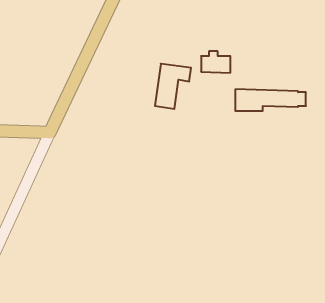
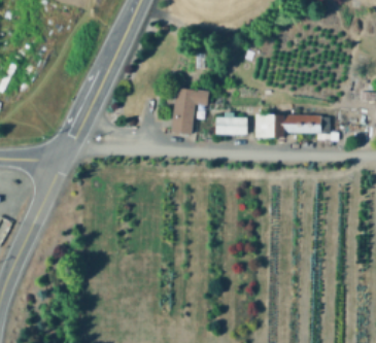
building: [201,51,230,73] -> [215,112,246,135]

